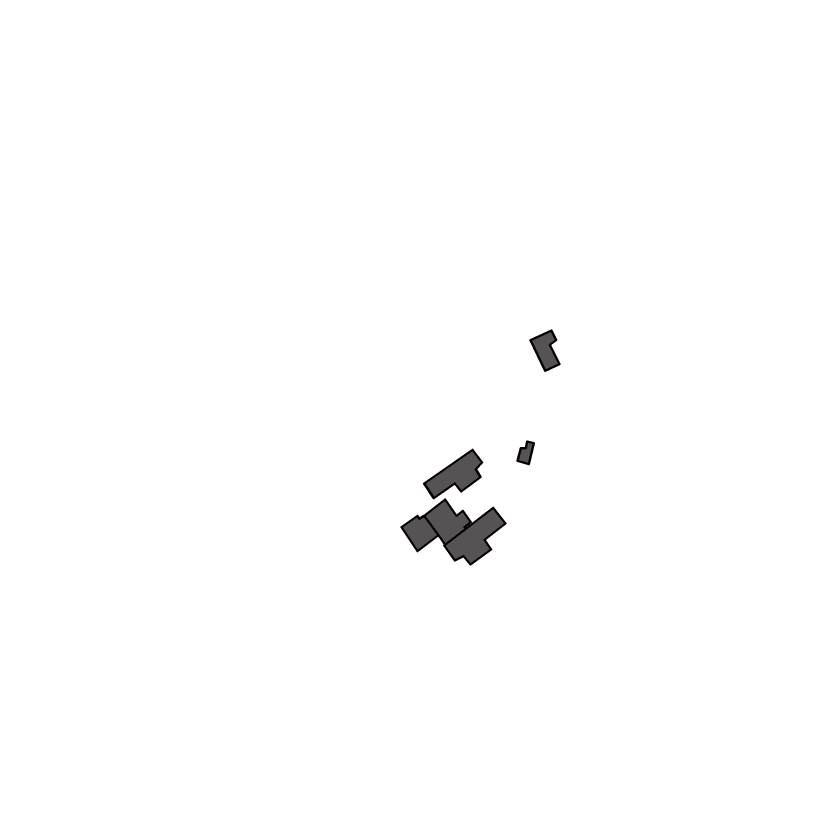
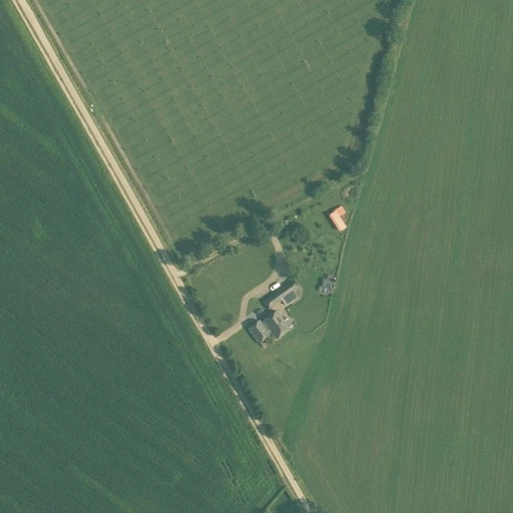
building: [444,508,506,564] -> none

